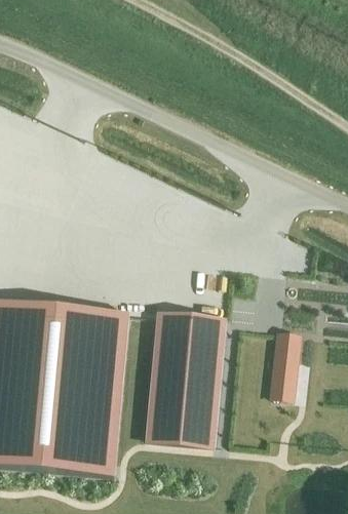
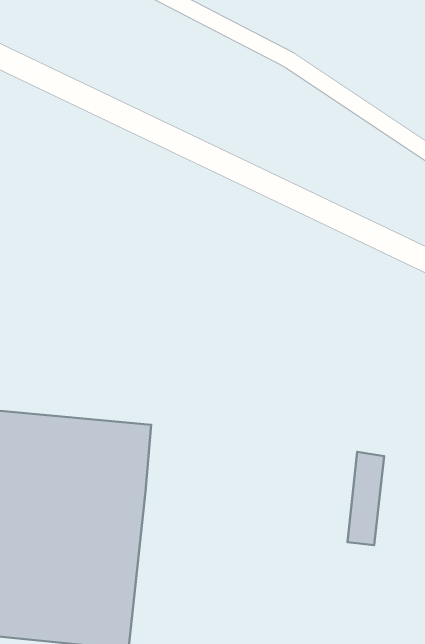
building: [146,314,224,448] -> none

